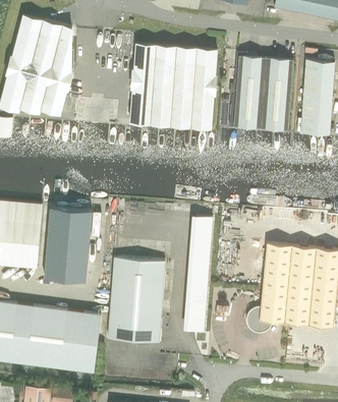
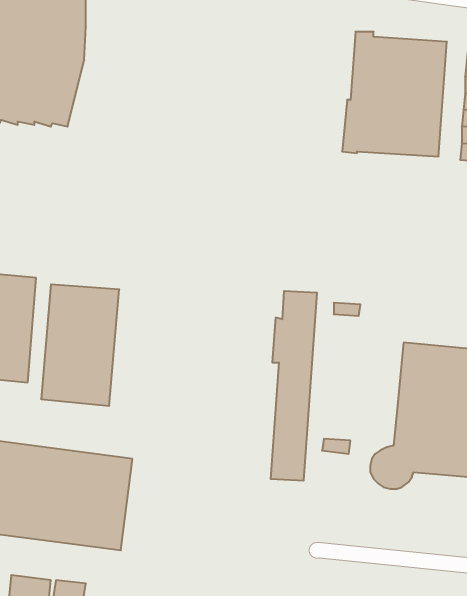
building: [129,46,217,128] -> none
building: [107,259,165,343] -> none

